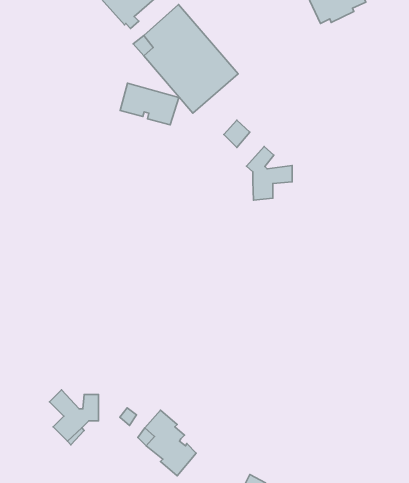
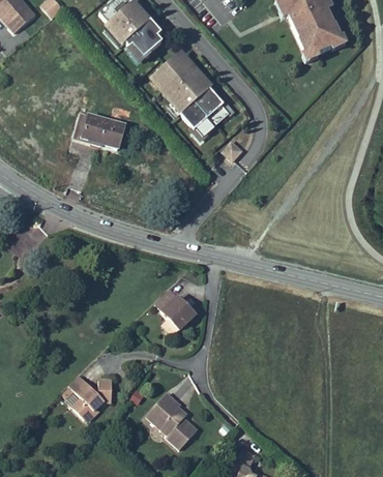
building: [120,83,179,125] -> [75,113,125,149]
building: [246,147,292,200] -> none
building: none -> [155,289,195,335]

